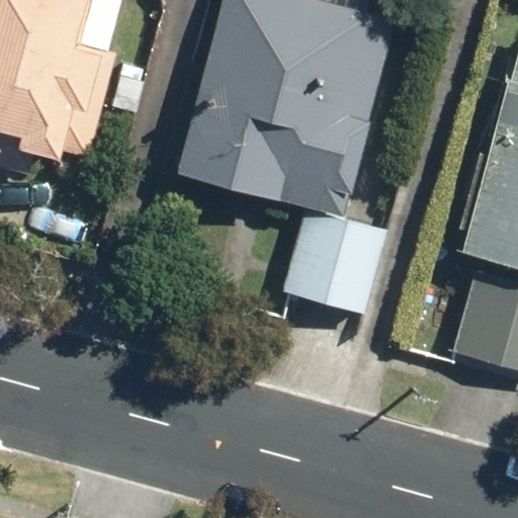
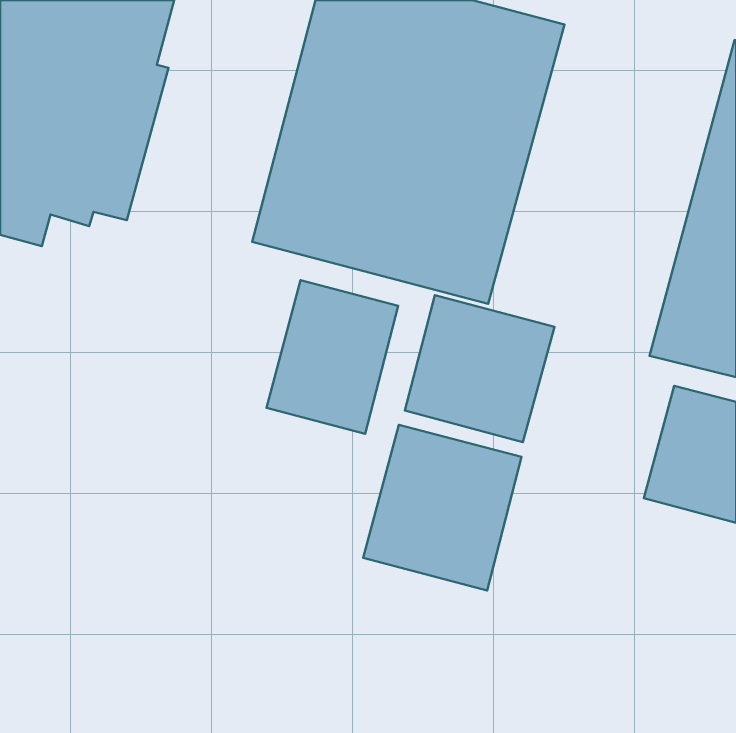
building: none -> [266,280,398,434]
building: none -> [363,425,521,591]

